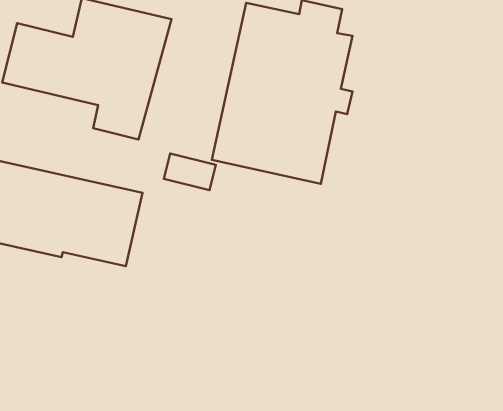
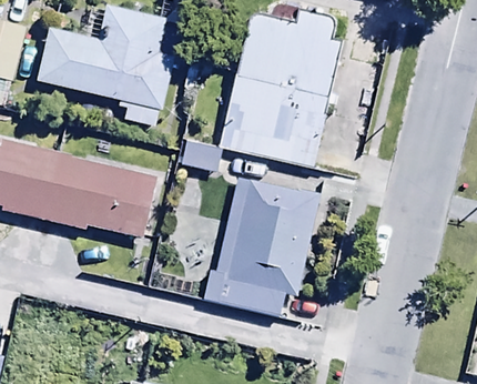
building: none -> [201,173,322,316]

